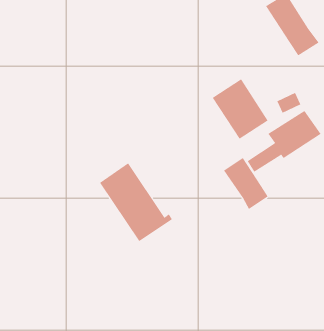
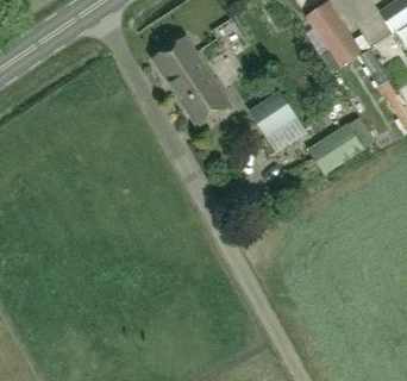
building: [223,157,268,210] -> none
building: [99,163,173,242] -> [154,37,231,120]

